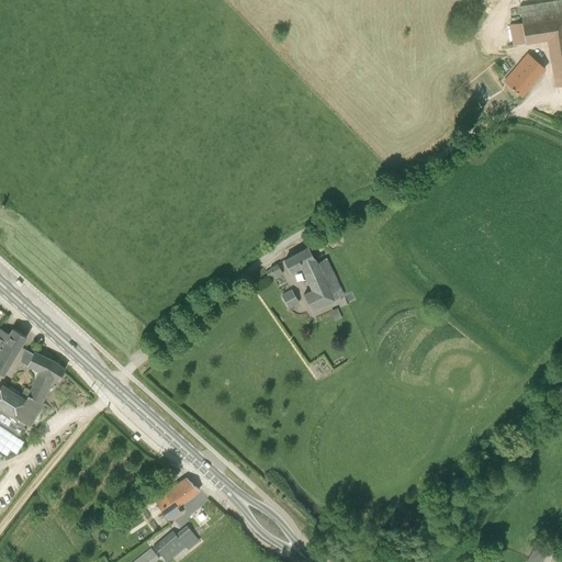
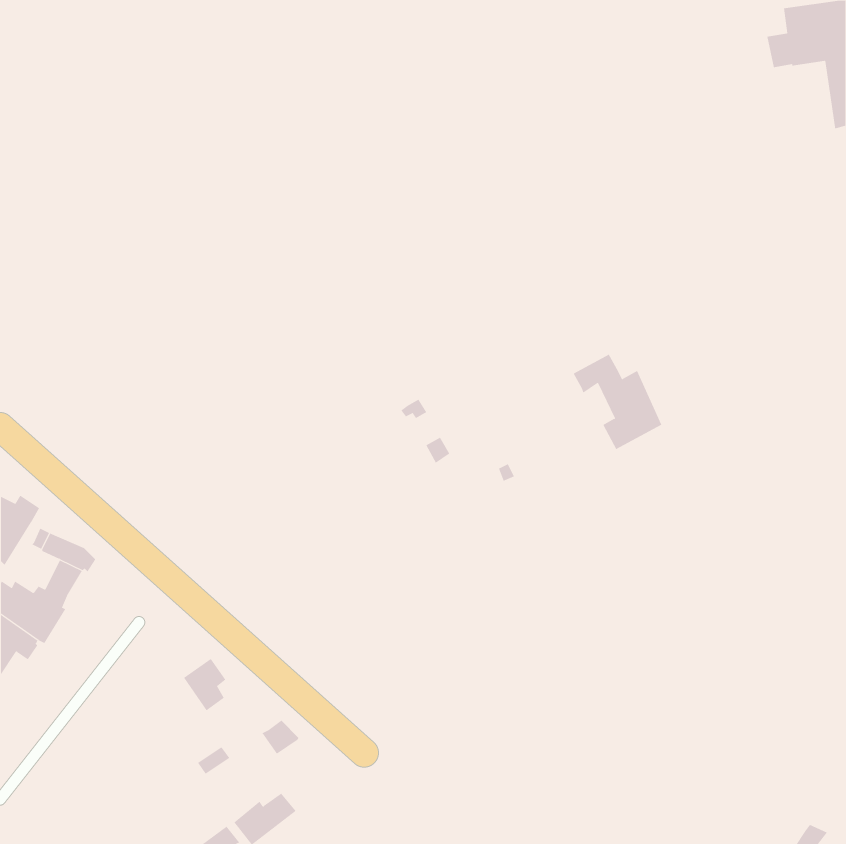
building: [504,55,544,97] -> none
building: [284,248,344,312] -> [573,354,662,450]
building: [155,487,183,522] -> [183,658,226,711]

